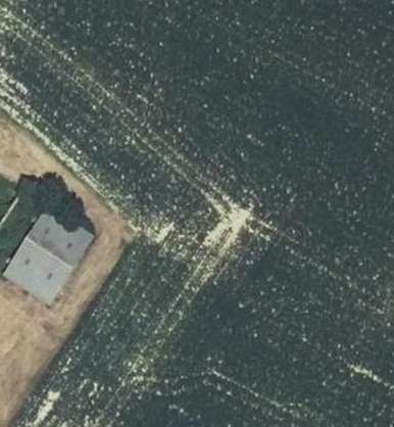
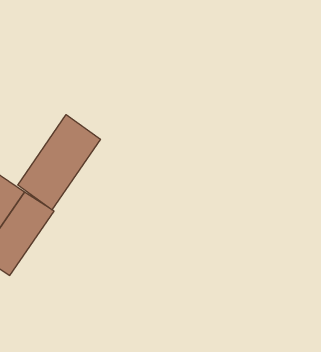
building: none -> [18,115,100,210]

